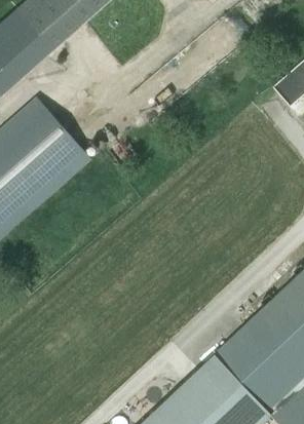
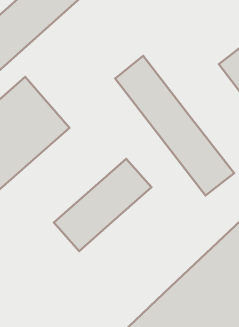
building: none -> [115,56,234,196]
building: none -> [54,159,152,251]

